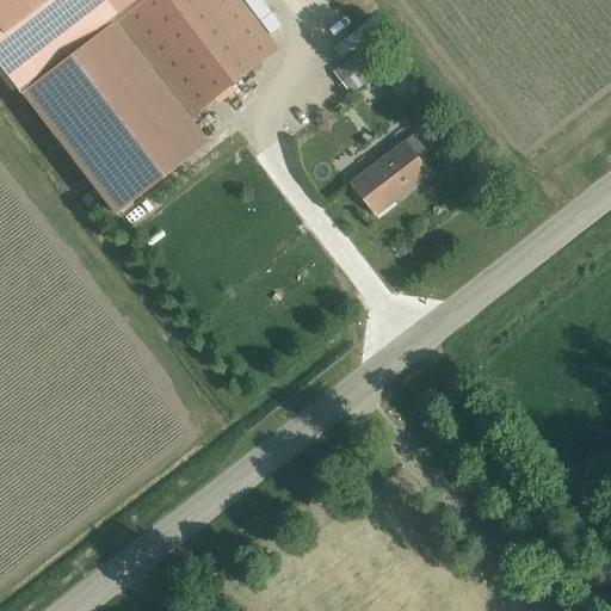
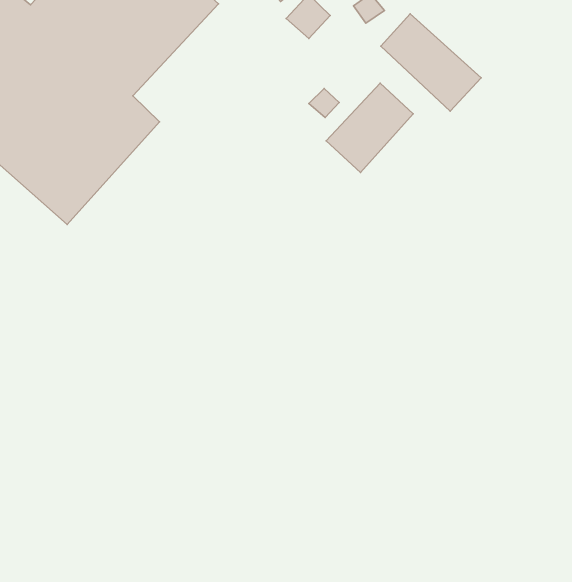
building: none -> [381,14,481,111]

